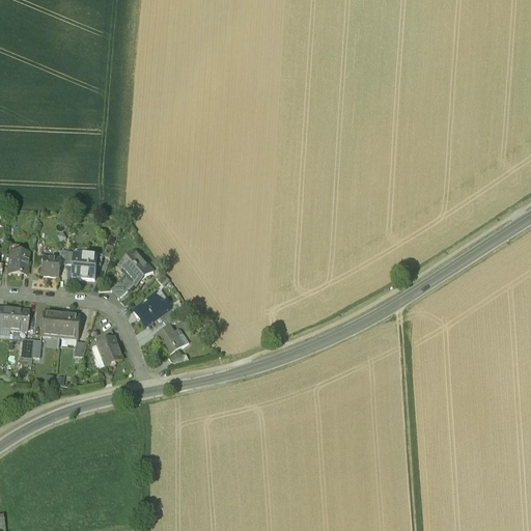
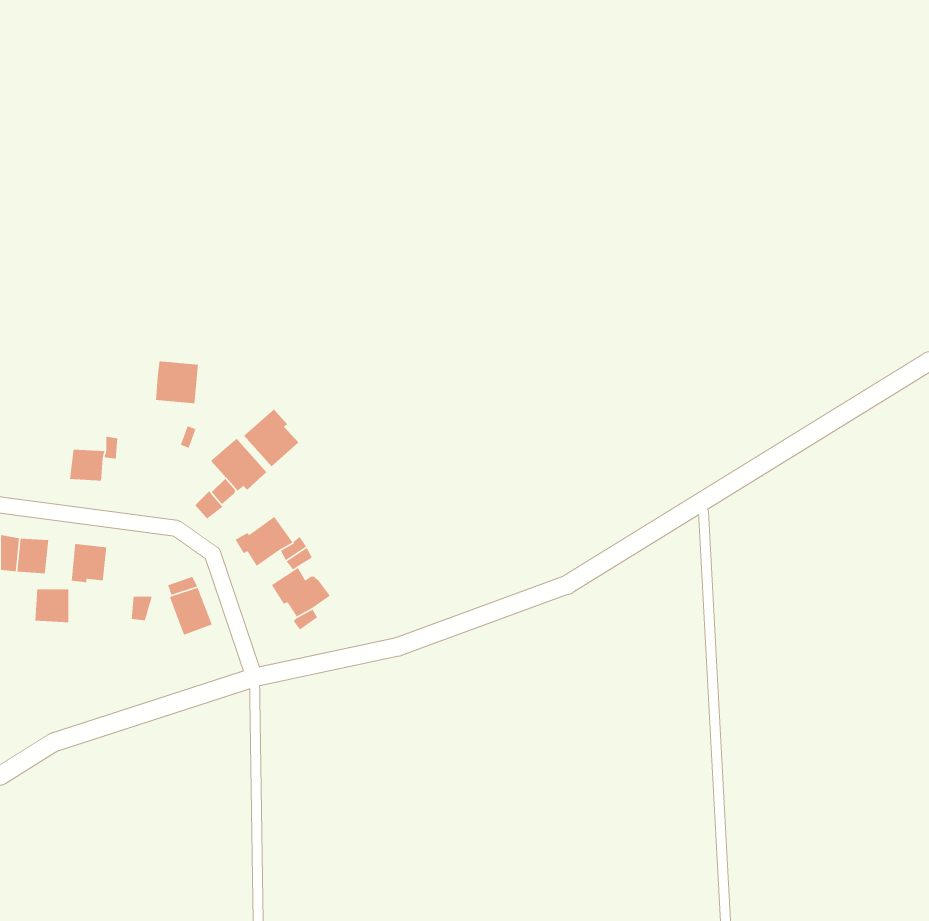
building: none -> [243,409,299,467]
building: [7,250,28,274] -> none
building: [72,253,96,278] -> [155,360,199,404]
building: [58,312,79,336] -> none

